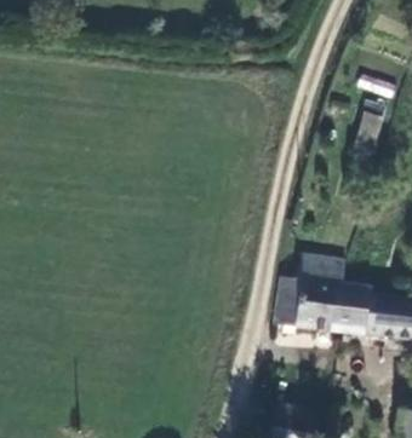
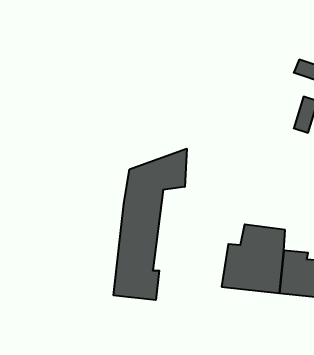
building: none -> [114,149,187,300]

